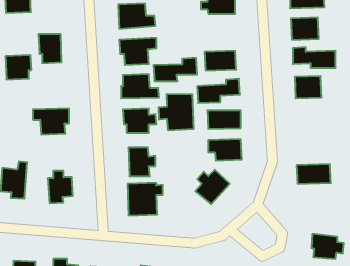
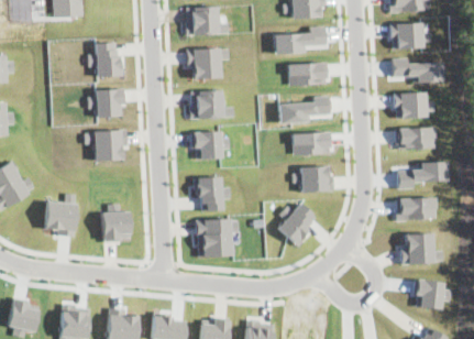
building: [5,55,31,79] -> [95,89,125,118]
building: [153,58,197,81] -> [275,26,327,54]
building: [159,94,194,130] -> none
building: none -> [397,128,436,150]
building: none -> [398,162,449,189]
building: none -> [401,233,445,265]

